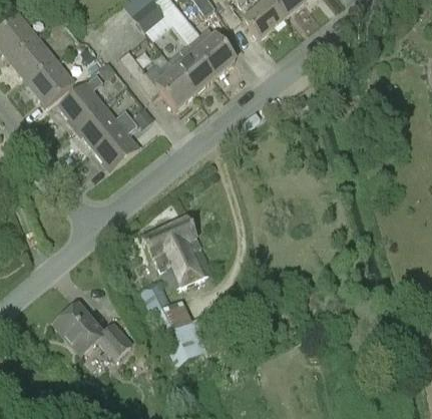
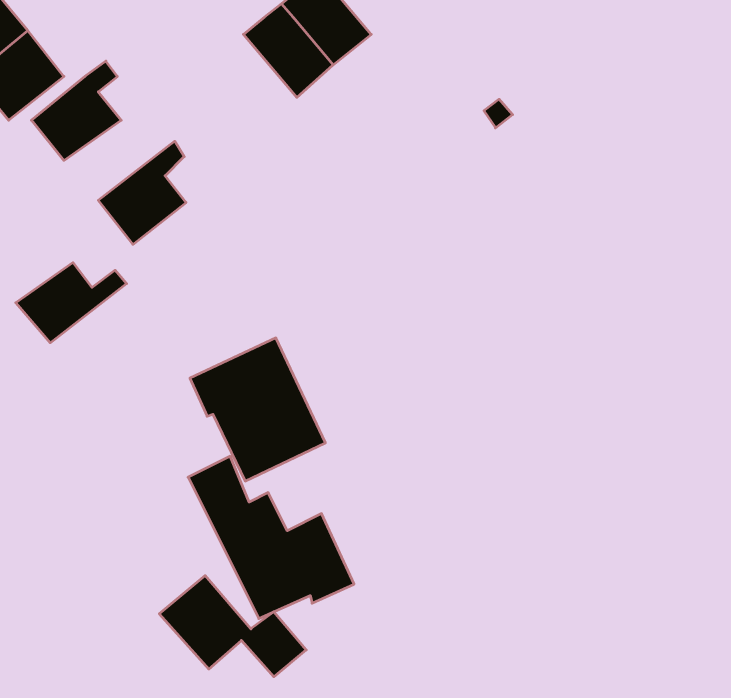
building: [117,49,195,109] -> none
building: [73,104,131,146] -> [16,263,127,343]
building: [53,305,130,358] -> [159,576,306,677]

